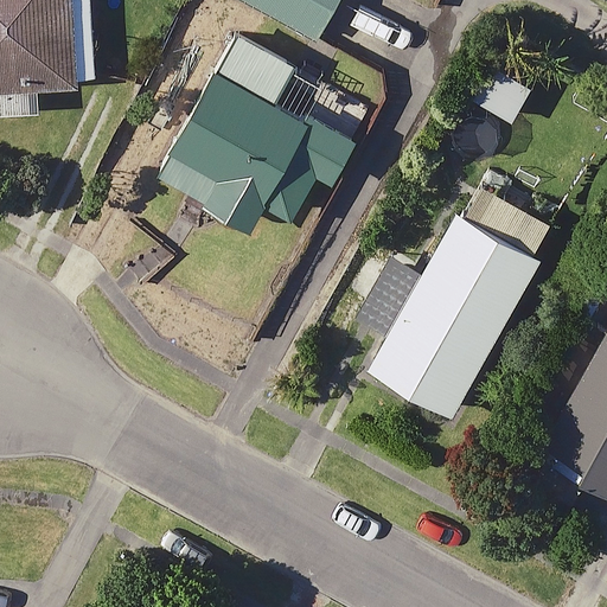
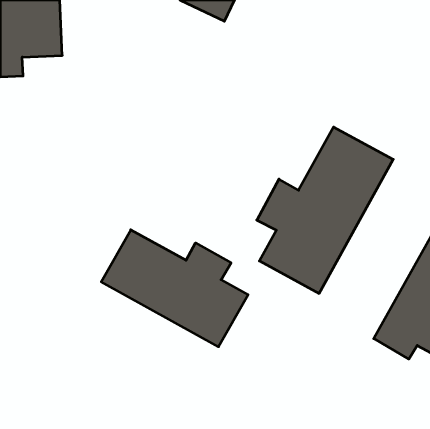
building: [147,34,358,232] -> none
building: none -> [101,230,248,347]

